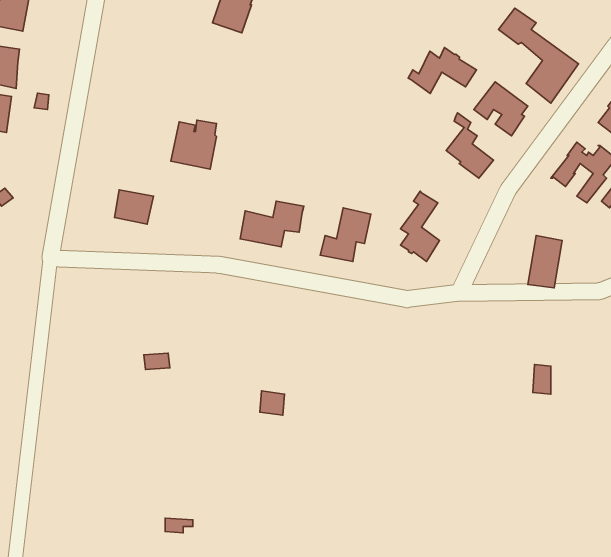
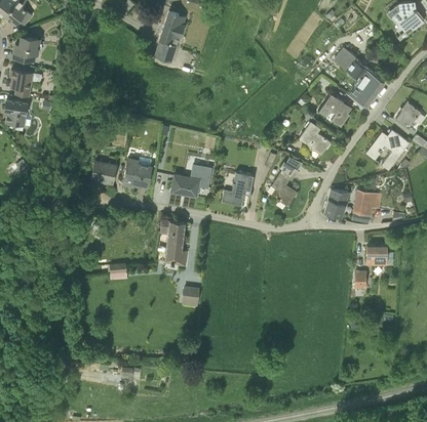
building: [408,48,476,93] -> none
building: [171,120,217,169] -> [122,157,151,187]
building: none -> [323,188,348,216]
building: none -> [160,219,186,265]
building: none -> [366,246,393,265]

